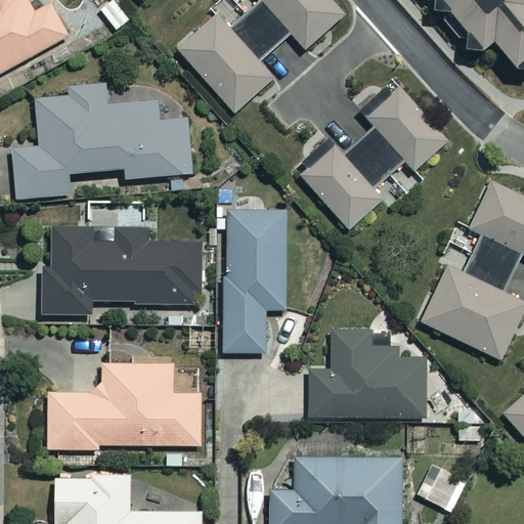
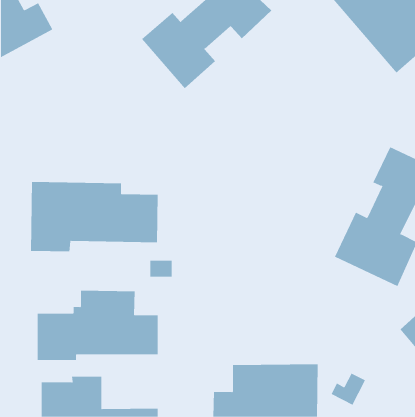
building: [12,84,192,198] -> none
building: [302,88,446,228] -> none
building: [222,211,288,352] -> none
building: [308,330,425,416] -> none

